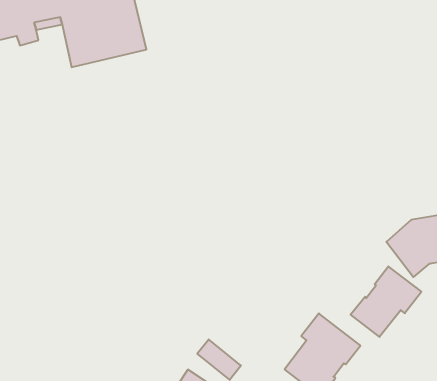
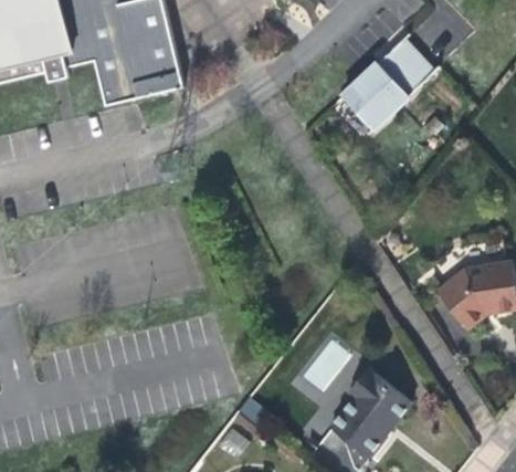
building: none -> [340,42,433,127]
building: [351,266,421,337] -> none

